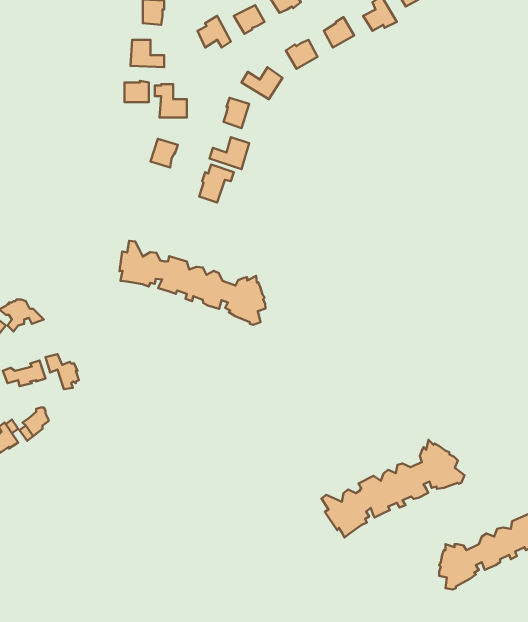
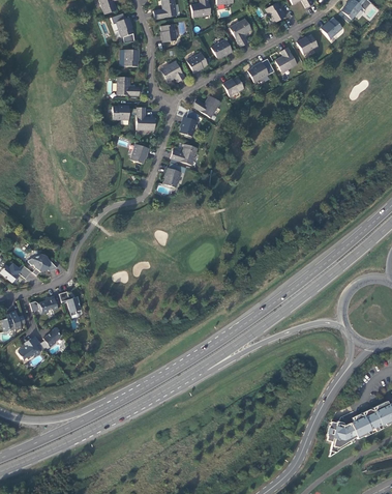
building: [120,241,265,325] -> none
building: [322,440,464,538] -> none

